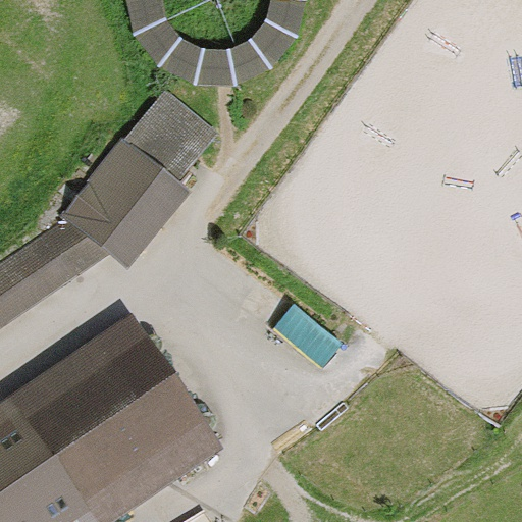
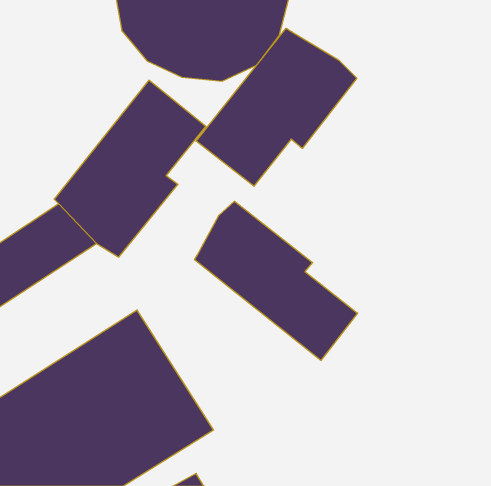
building: none -> [196,28,357,186]
building: none -> [195,201,358,360]

